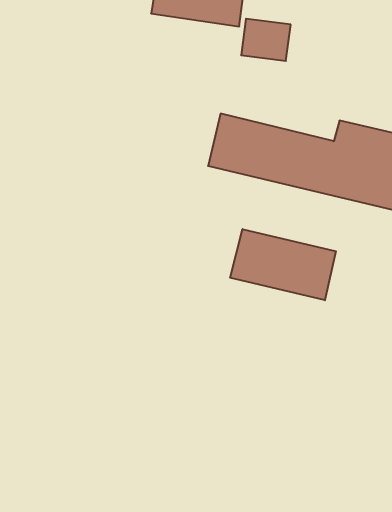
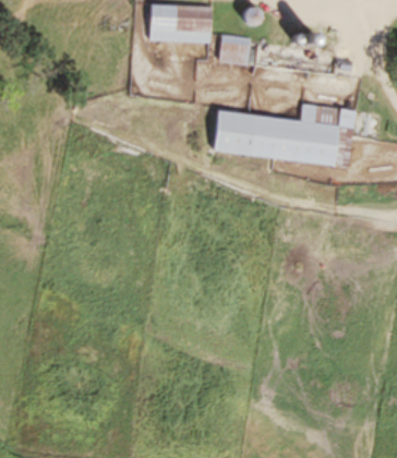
building: [230,229,336,300] -> none

